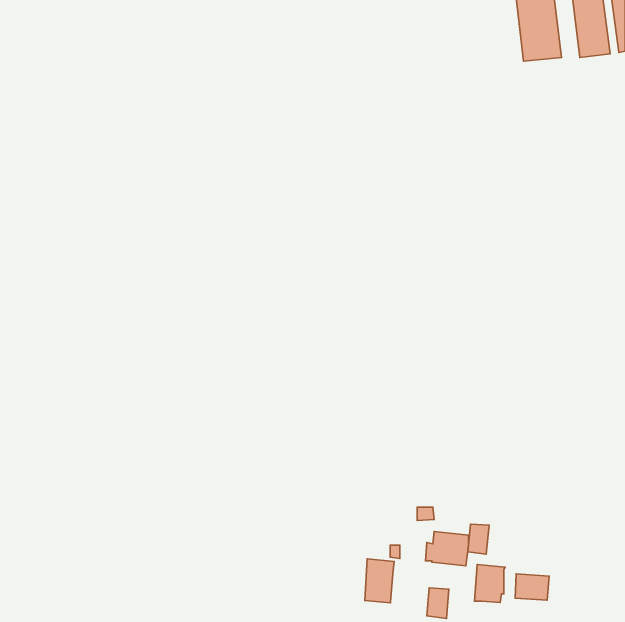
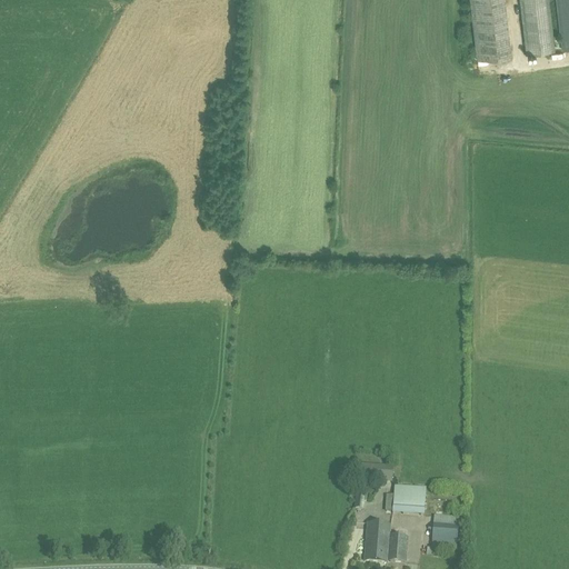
building: [468,524,489,554] -> none
building: [365,559,394,603] -> [365,521,391,561]
building: [515,574,549,600] -> none

